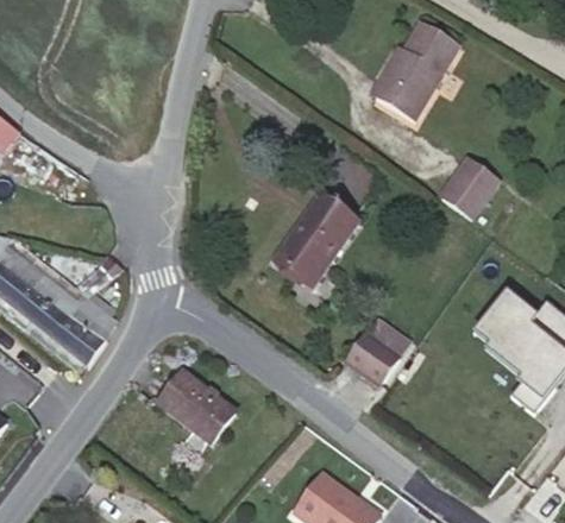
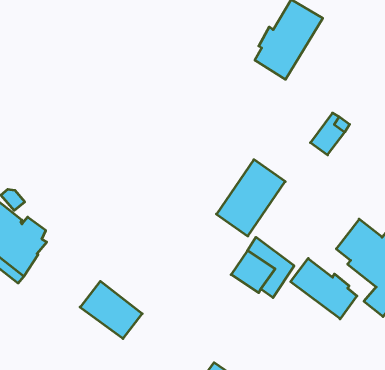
building: [272,190,358,285] -> [216,160,285,236]
building: none -> [291,258,357,319]

